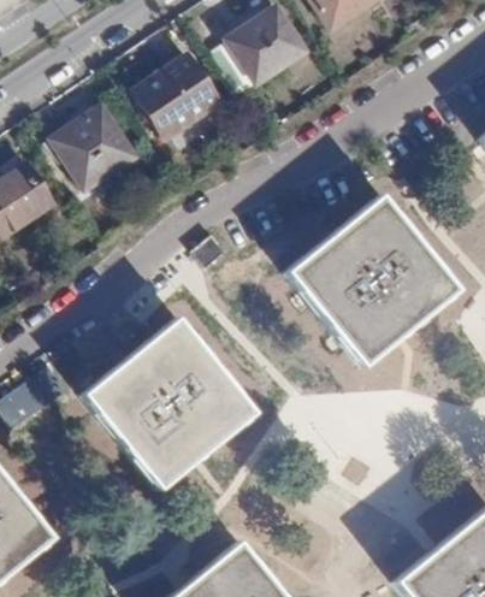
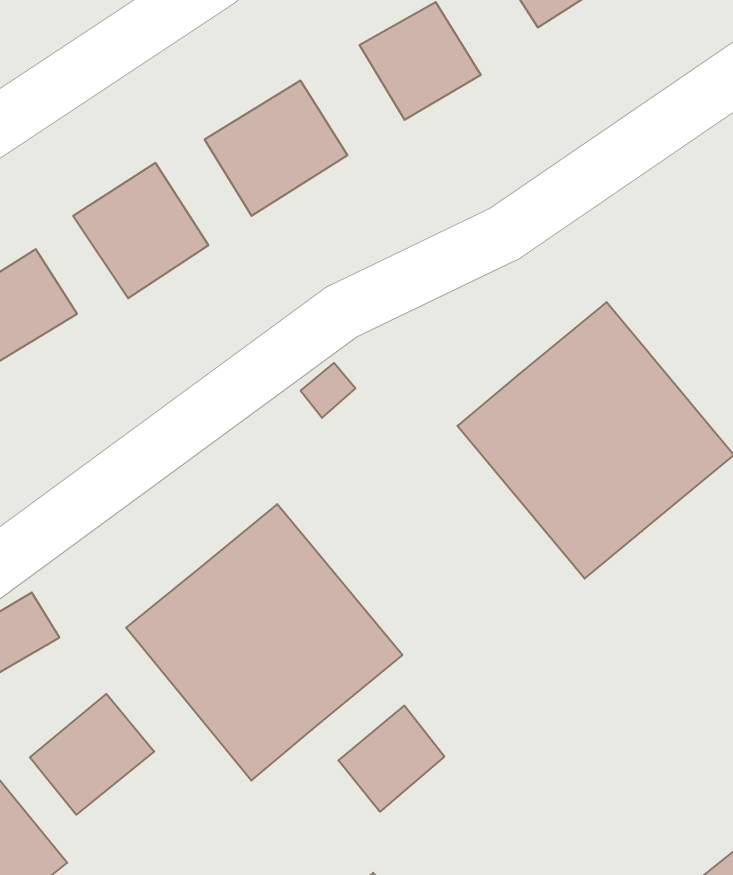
building: none -> [30,694,154,815]
building: none -> [338,706,444,812]

